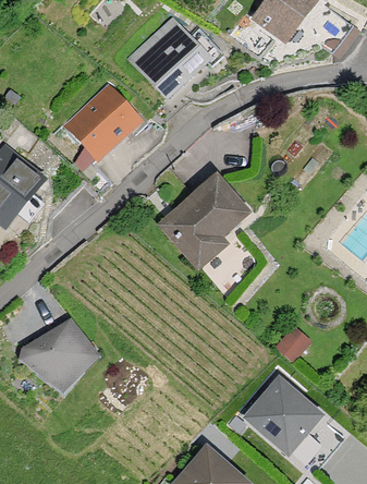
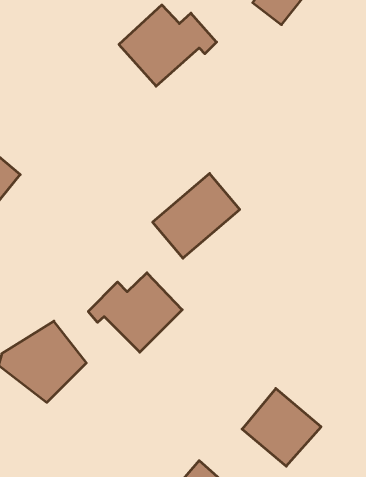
building: [68,87,139,159] -> none
building: none -> [88,273,182,352]

